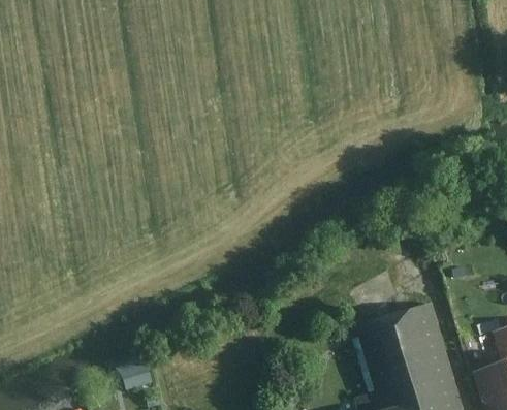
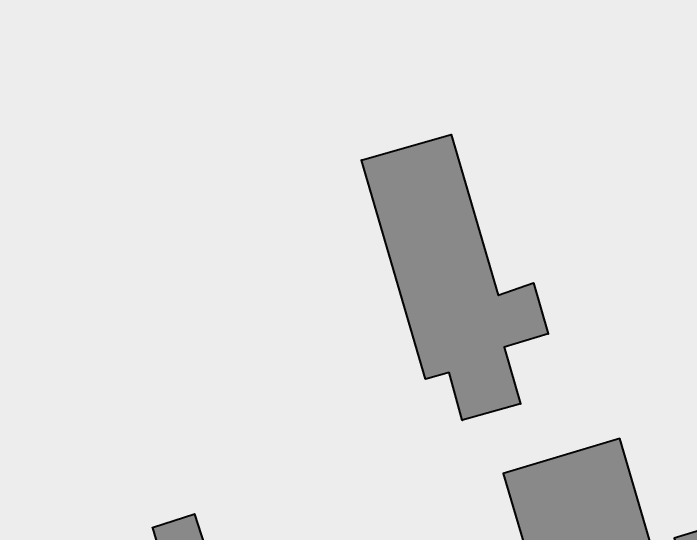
building: none -> [361,135,548,420]

